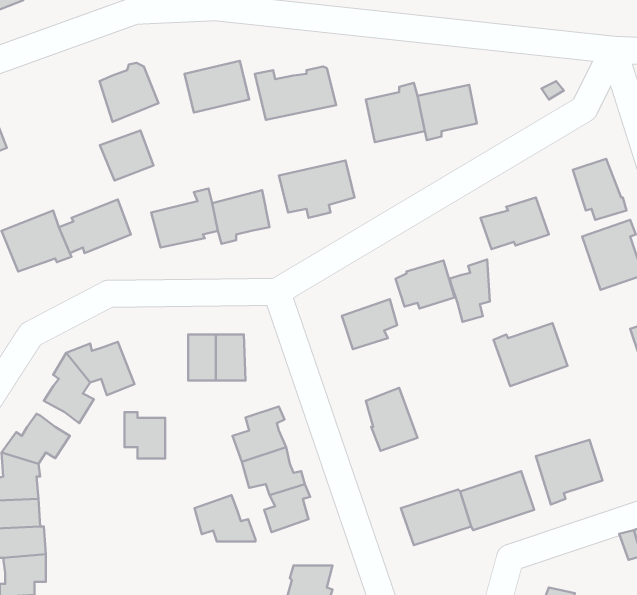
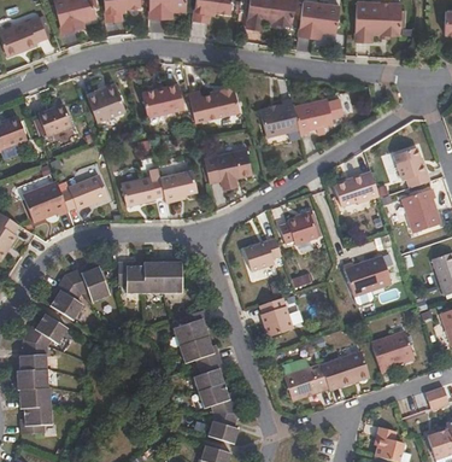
building: [100,130,153,180] -> [37,104,72,136]
building: [450,259,490,322] -> none
building: [125,412,165,458] -> [118,262,145,292]
building: [195,495,256,541] -> [199,382,239,413]

